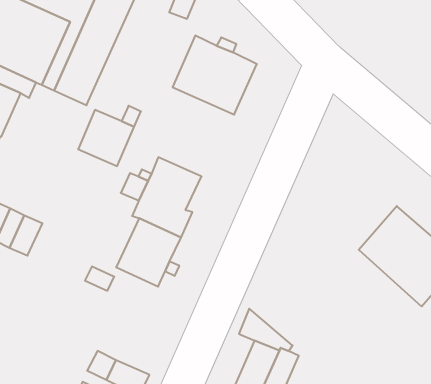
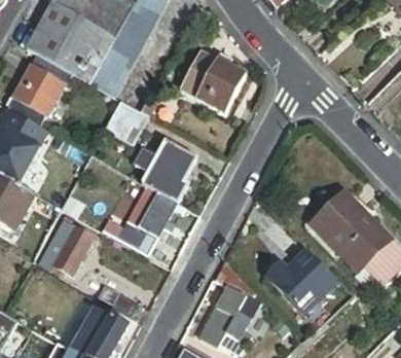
building: none -> [39,219,94,274]
building: none -> [264,250,335,315]

